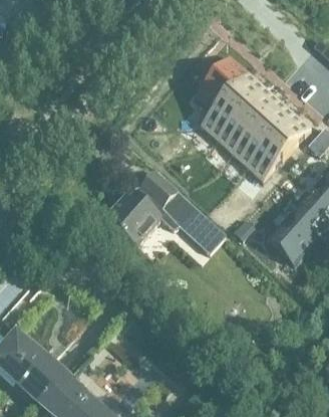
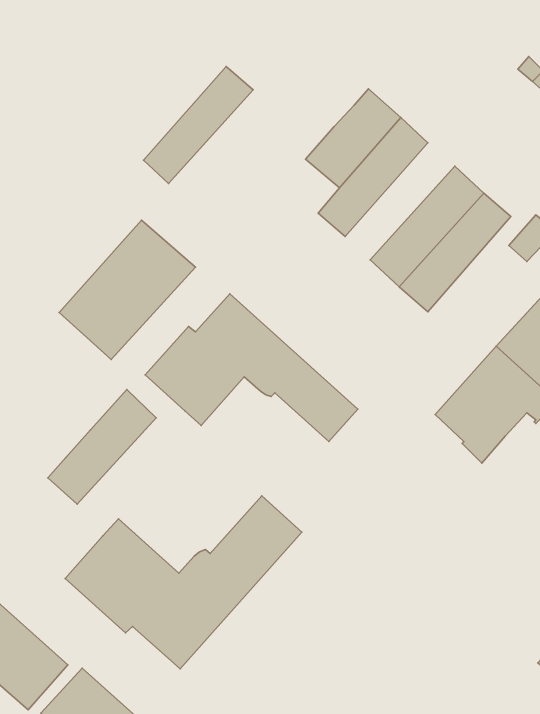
building: [218,86,279,152] -> [143,67,253,184]
building: none -> [59,220,196,360]
building: none -> [48,389,156,504]
building: none -> [65,496,302,669]

